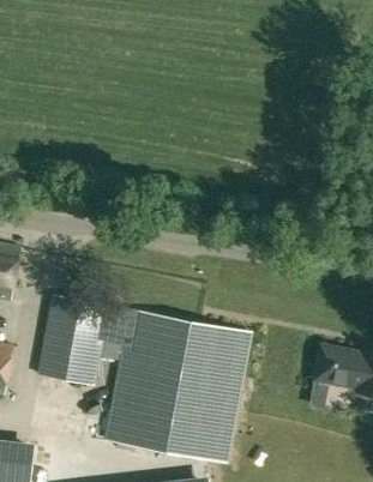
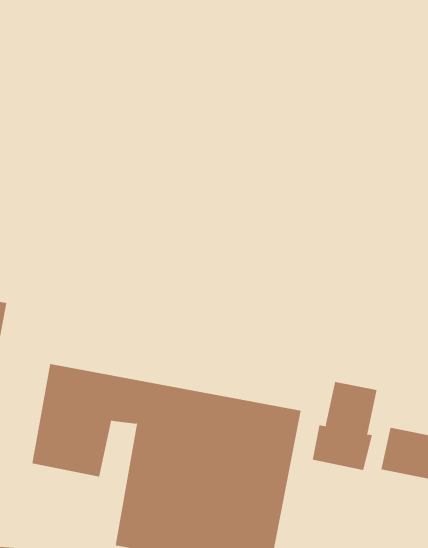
building: none -> [312,381,377,471]

